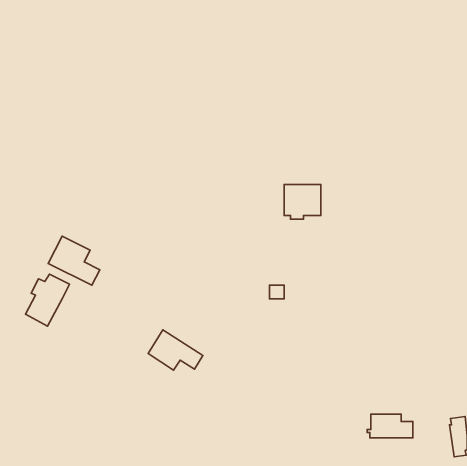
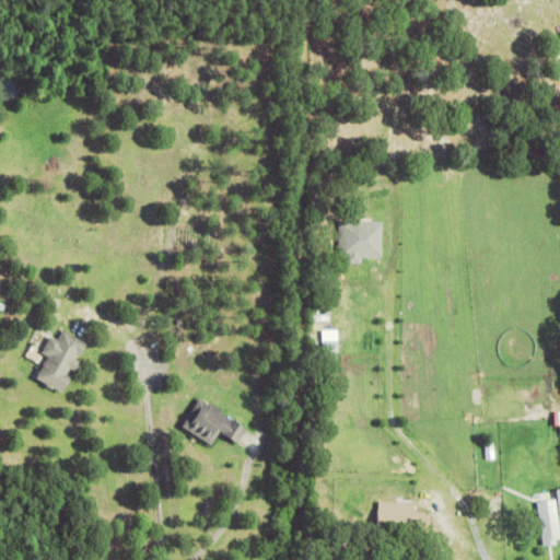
building: [48,236,100,285] -> none
building: [367,414,413,438] -> [375,503,430,532]

